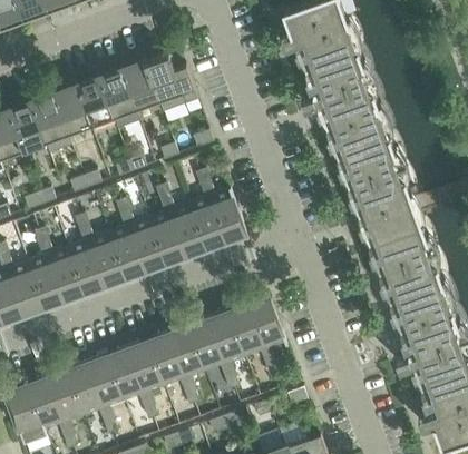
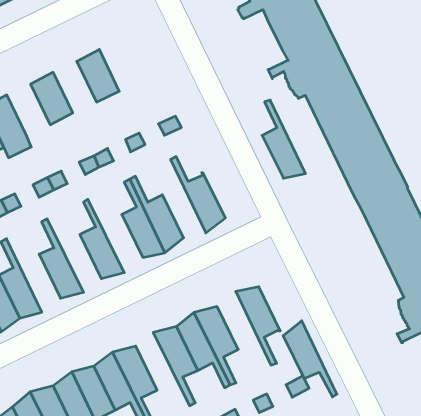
building: [144,53,197,112] -> none
building: [98,70,139,129] -> none
building: [52,87,90,135] -> none
building: [188,171,225,246] -> [262,100,305,178]
building: [118,198,164,273] -> none
building: [78,214,123,287] -> none
building: [38,228,82,302] -> none
building: [228,302,273,376] -> [283,321,337,397]
building: [148,332,193,405] -> none

